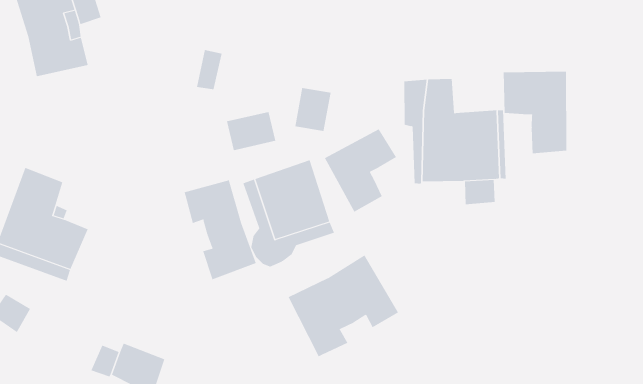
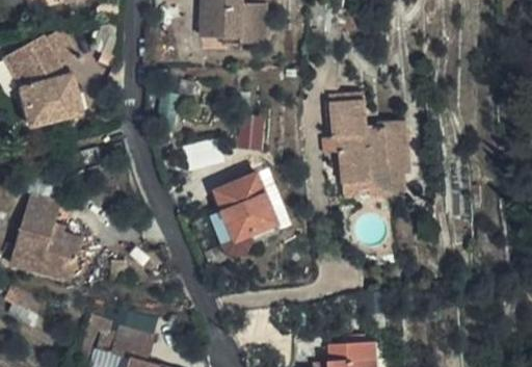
building: [503,71,567,154] -> none
building: [324,128,397,212] -> none
building: [184,179,256,280] -> none
building: [288,255,399,357] -> none

